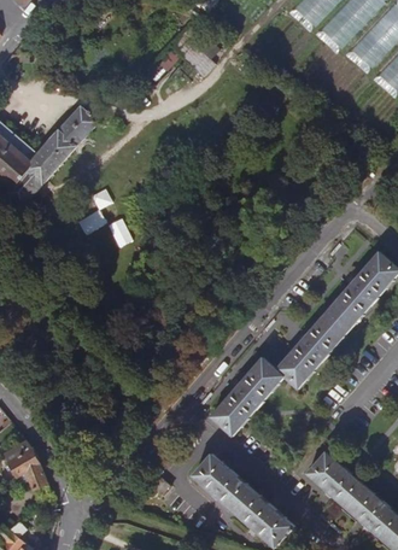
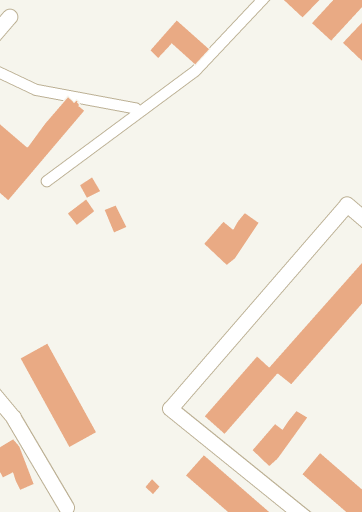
building: none -> [203,212,259,266]
building: none -> [20,343,97,448]
building: none -> [252,410,308,467]

